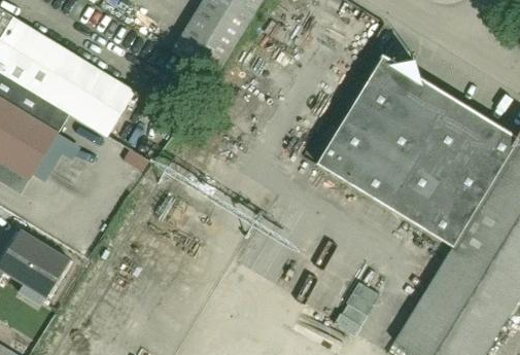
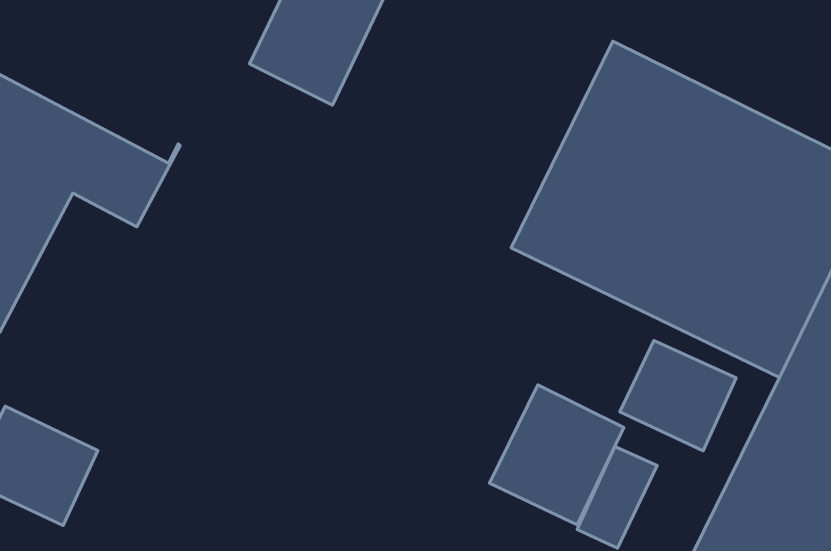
building: none -> [620,340,736,451]
building: none -> [490,385,624,525]

